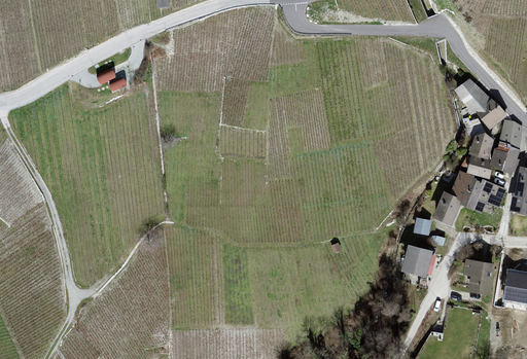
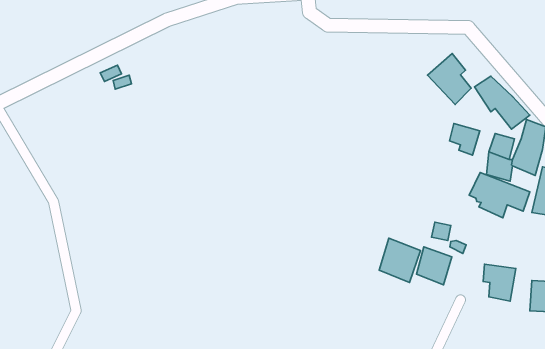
building: none -> [428,53,471,104]
building: none -> [450,123,480,155]
building: [432,190,461,226] -> none
building: none -> [379,238,421,283]

